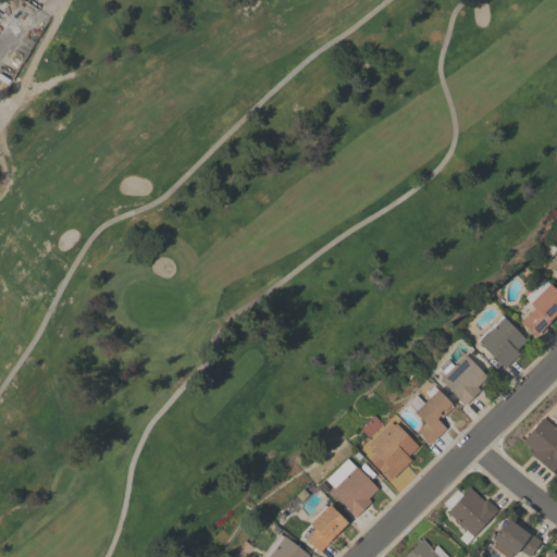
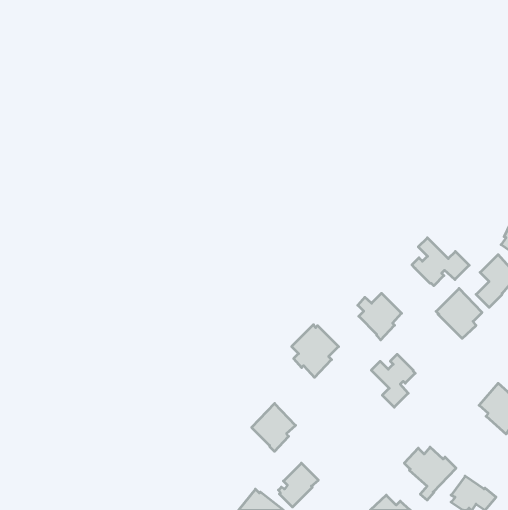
building: none -> [412,238,469,286]
building: [441,355,488,406] -> [358,293,402,340]
building: [369,422,420,480] -> [292,325,339,377]
building: [332,466,380,518] -> [252,403,296,451]

